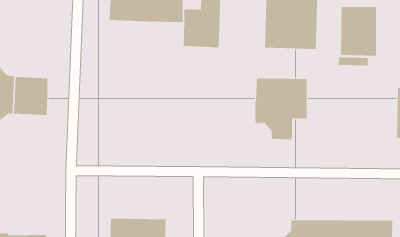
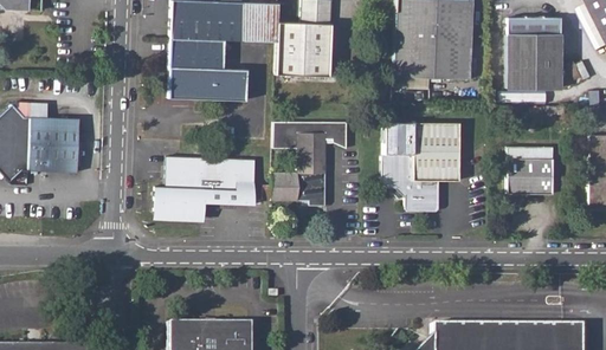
building: none -> [169,34,246,98]
building: none -> [272,119,349,206]
building: none -> [154,155,256,216]
building: none -> [509,156,554,195]

